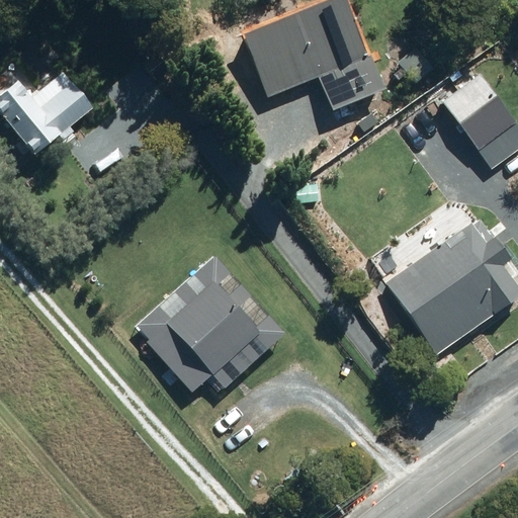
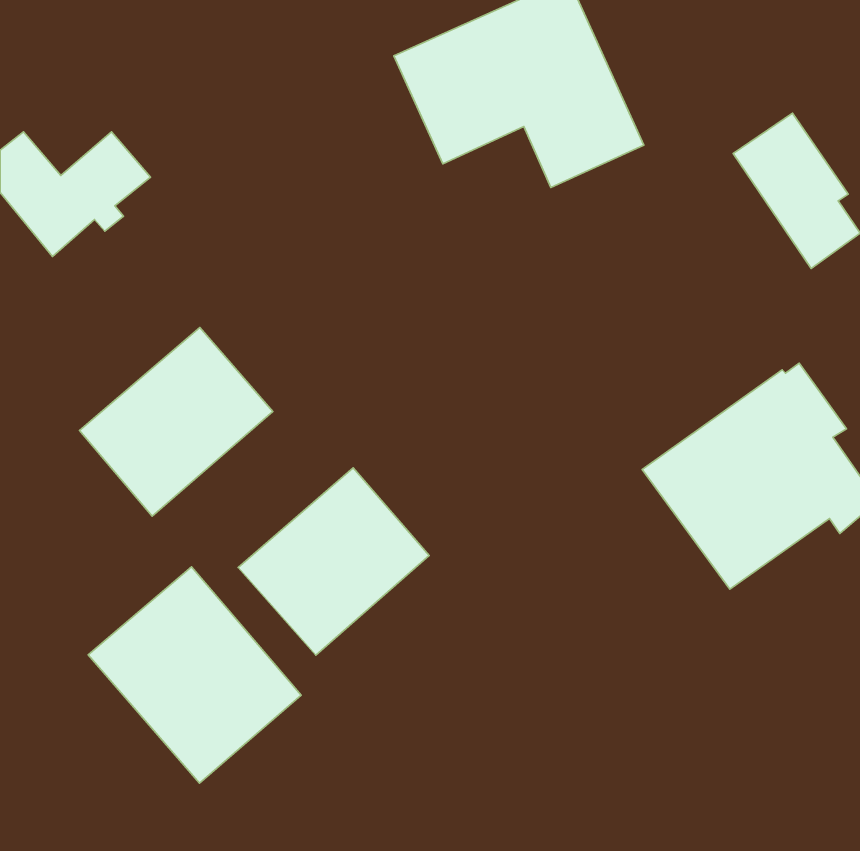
building: none -> [79,327,273,516]
building: none -> [88,567,301,783]

